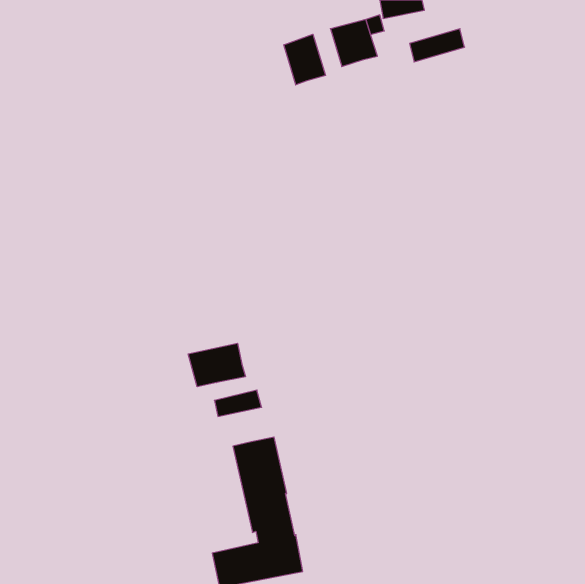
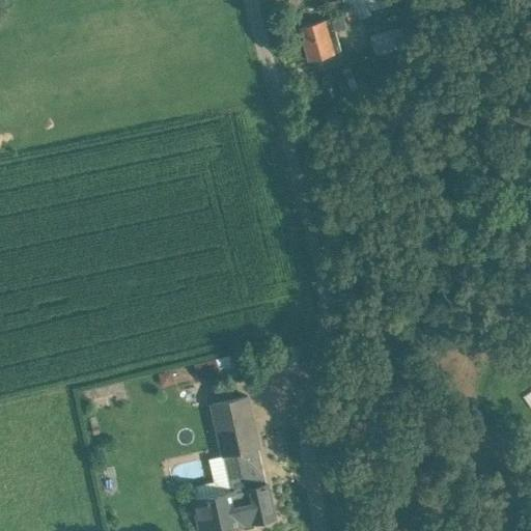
building: [284,34,325,85] -> none
building: [188,343,245,387] -> none

